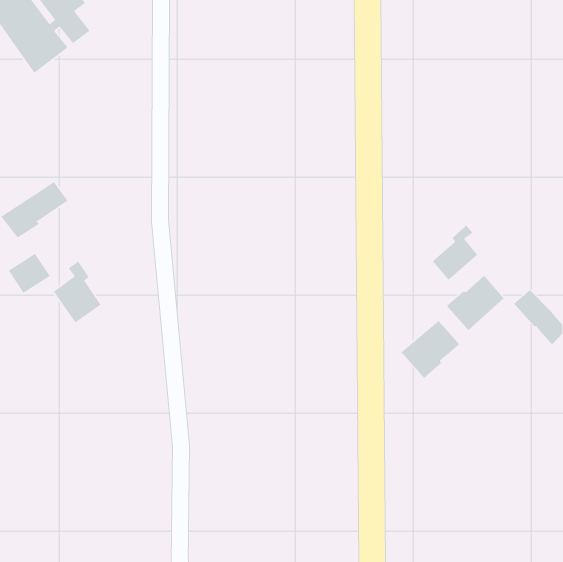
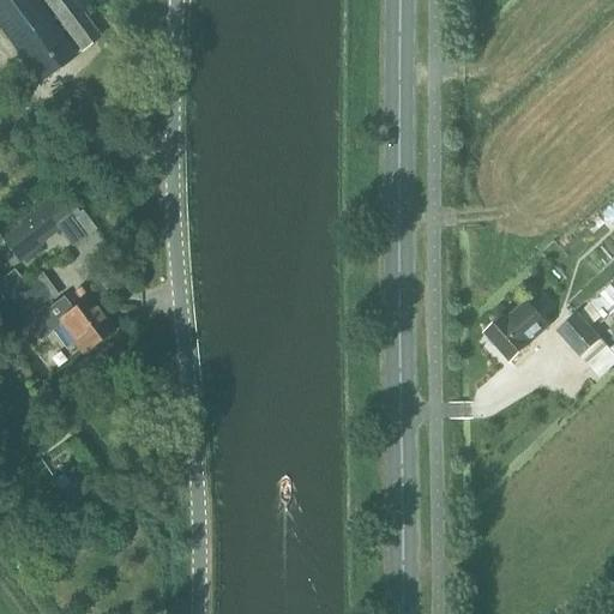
building: [432,225,478,281] -> none
building: [401,320,460,379] -> none

